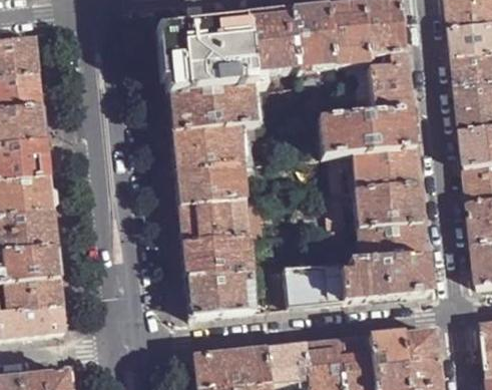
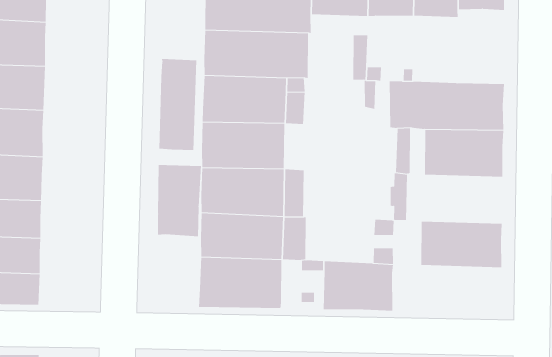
building: [367,49,410,111] -> none
building: none -> [159,58,197,151]
building: [353,181,422,225] -> none
building: none -> [158,164,201,237]
building: [340,254,429,299] -> none

